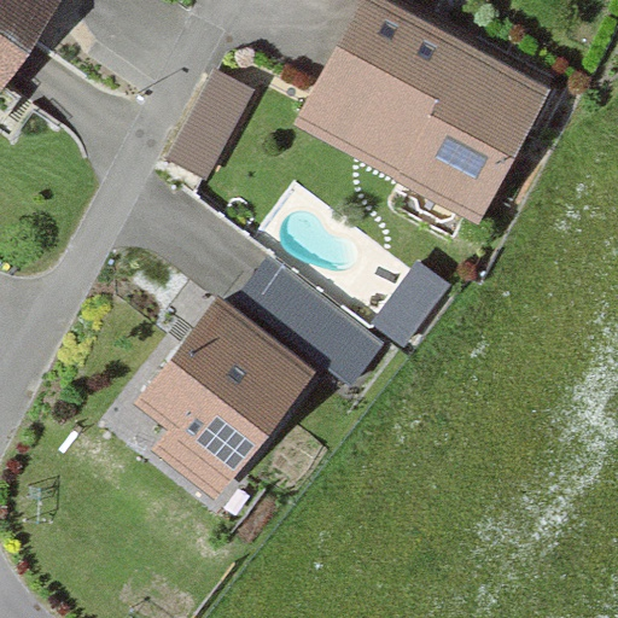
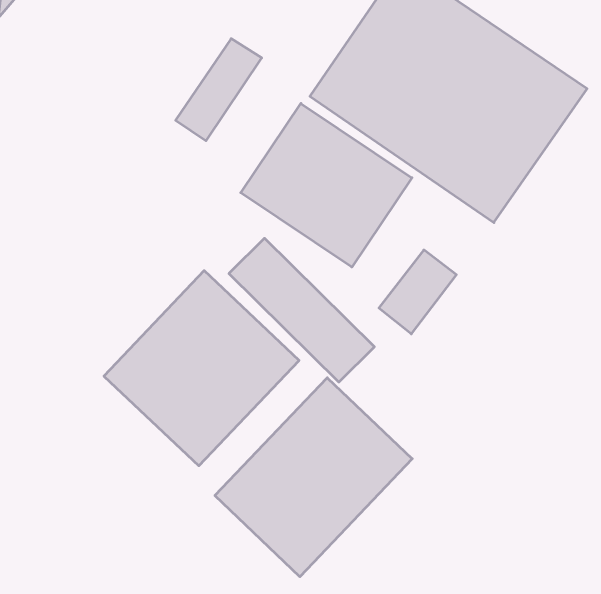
building: none -> [241,103,412,267]
building: none -> [215,378,412,577]

